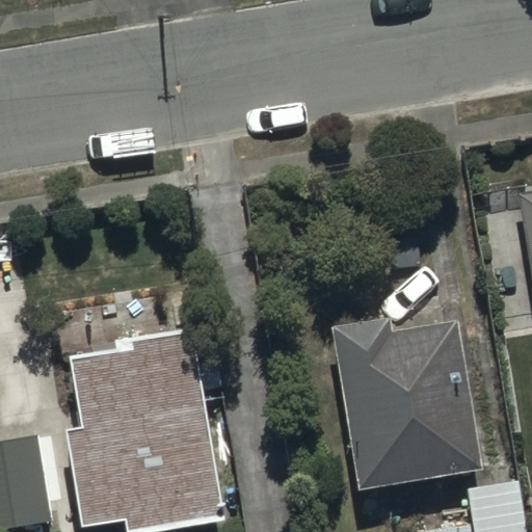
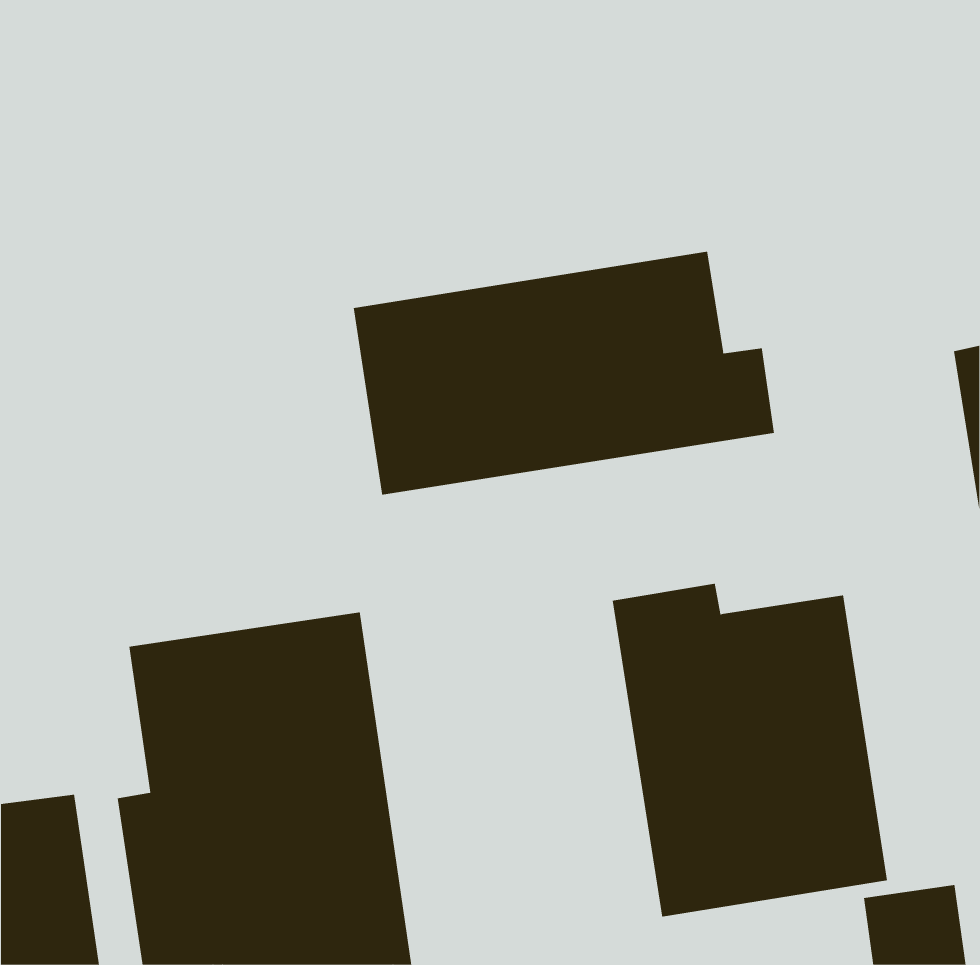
building: none -> [353,251,775,495]

